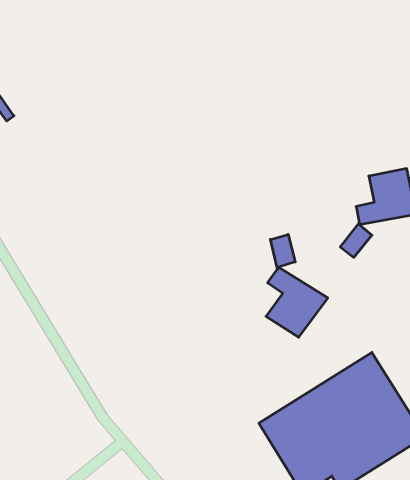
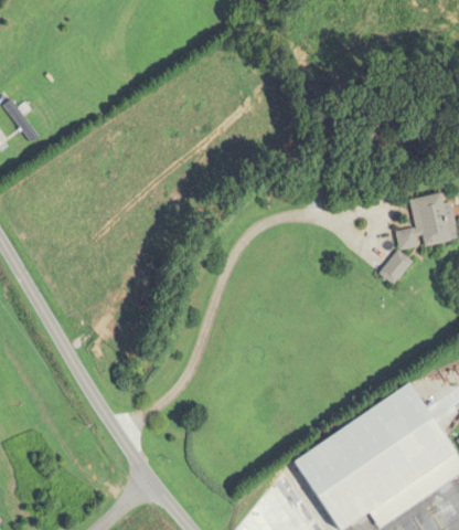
building: [266,234,328,337] -> none

